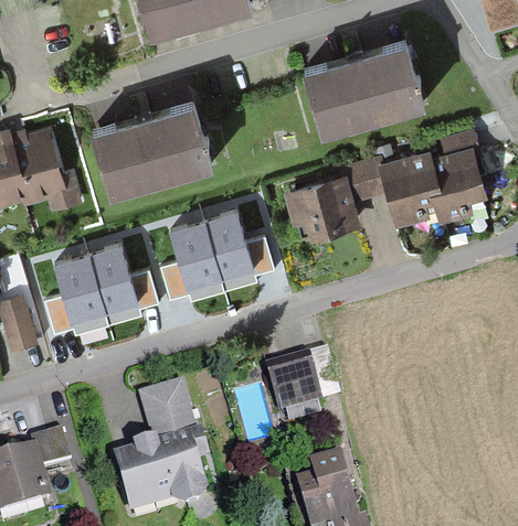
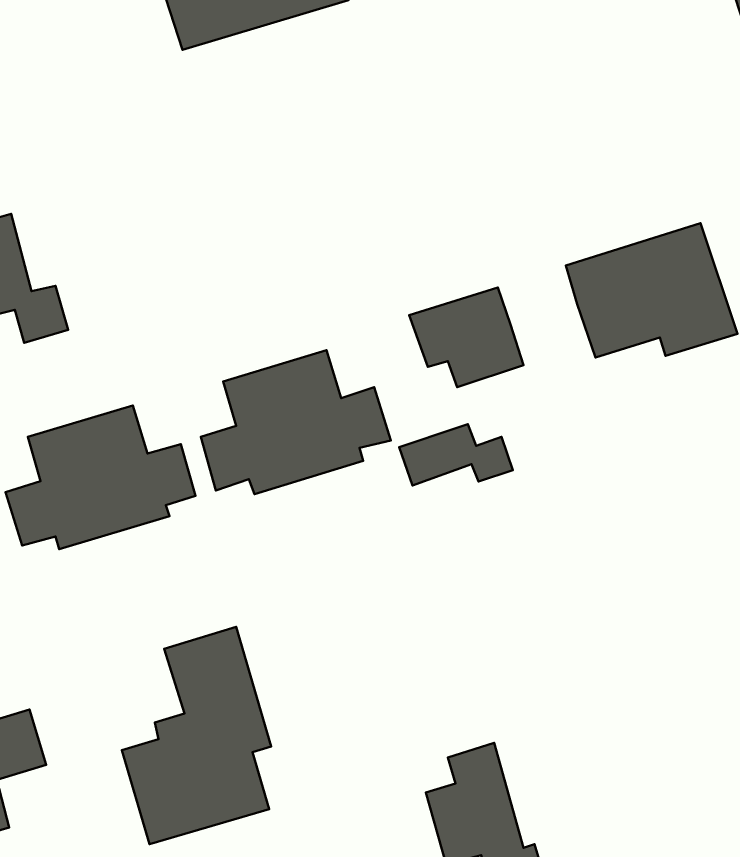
building: [302,43,421,139] -> none
building: [91,103,210,198] -> none
building: [340,164,388,200] -> none
building: none -> [399,424,513,486]
building: [269,358,323,411] -> none

